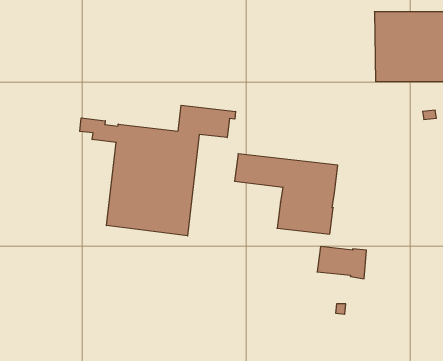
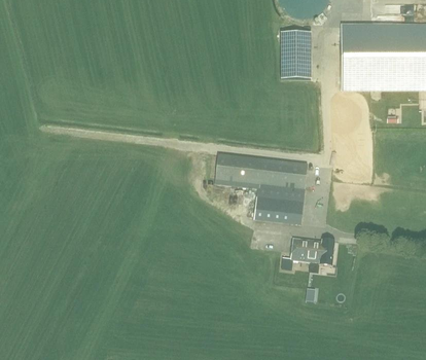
building: none -> [281,31,311,77]
building: [80,105,236,236] -> none

